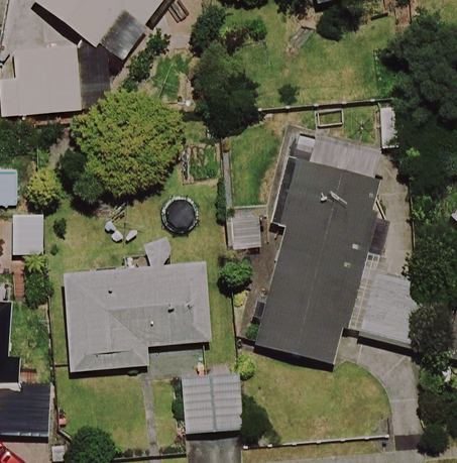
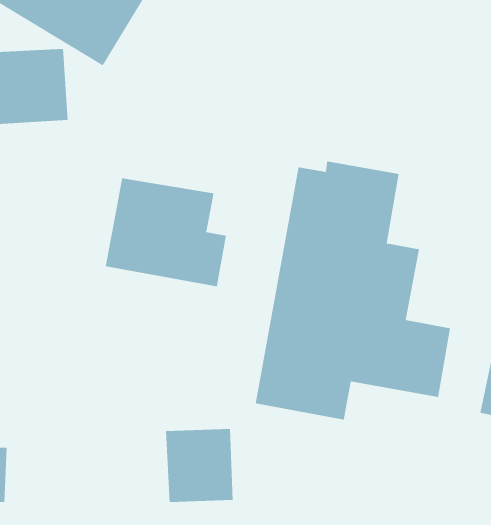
building: none -> [105,178,226,287]
building: [59,265,209,370] -> none

